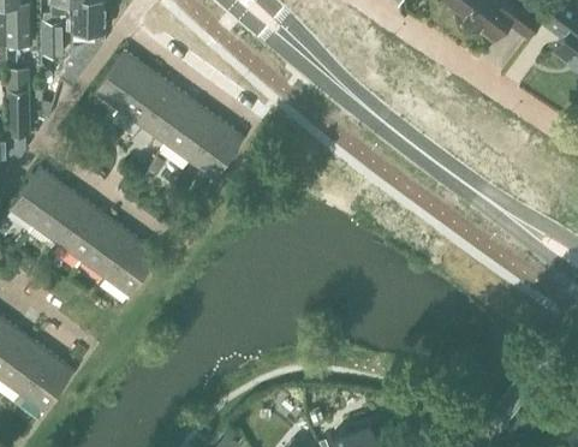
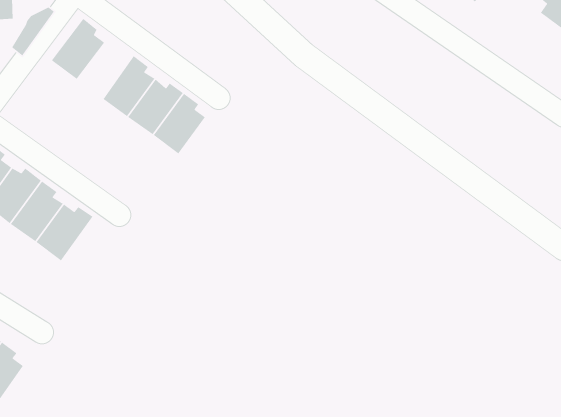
building: [120,76,173,129] -> none
building: [106,238,156,297] -> none

